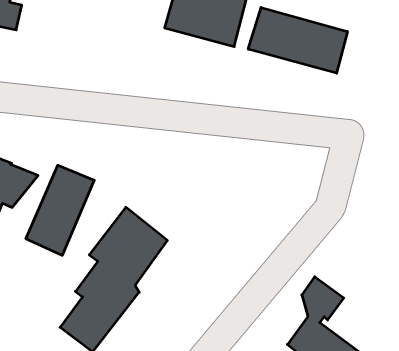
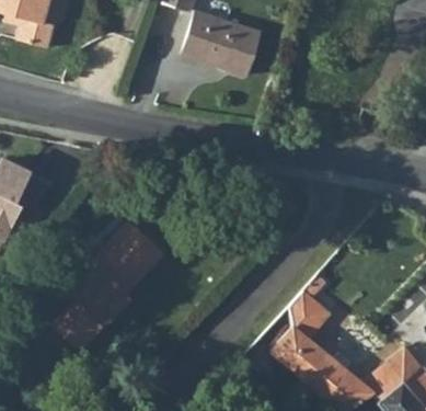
building: [248,7,347,73] -> none
building: [26,165,94,255] -> none

